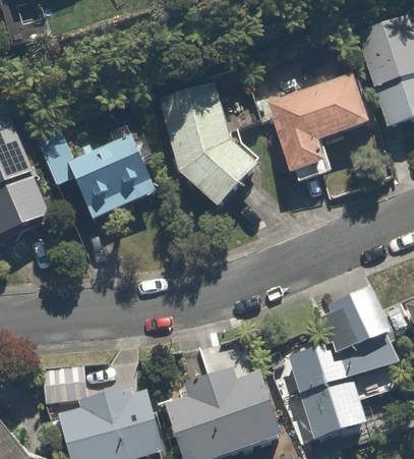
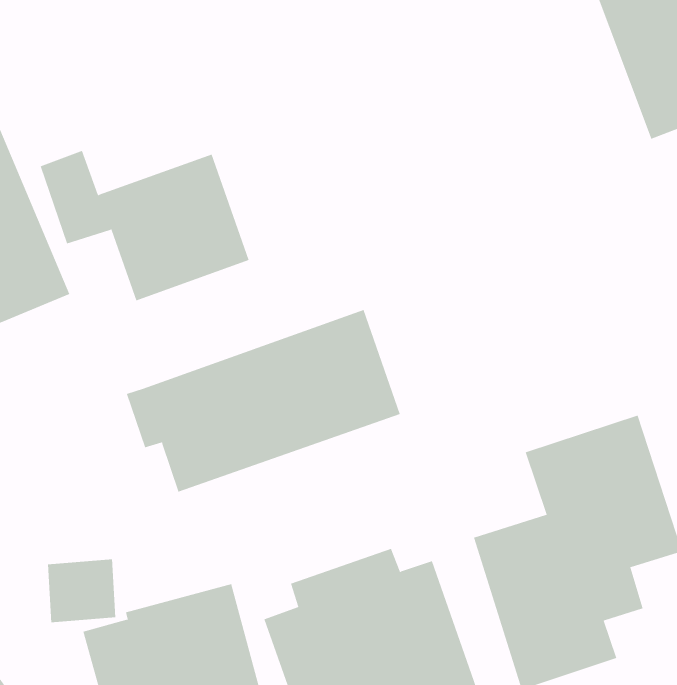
building: [268,71,373,185] -> none
building: [156,75,267,220] -> none
building: none -> [126,309,401,493]

